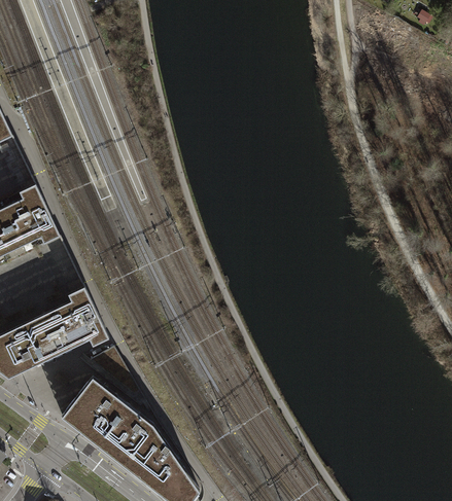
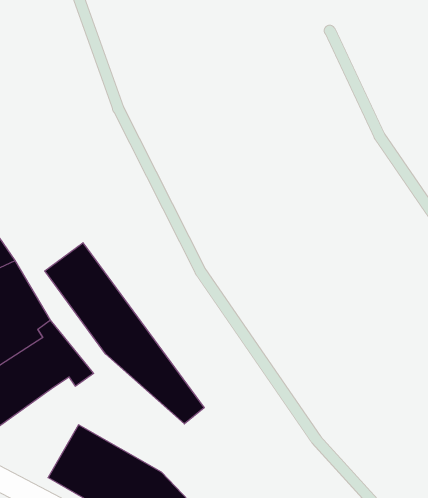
building: none -> [45,243,204,424]

